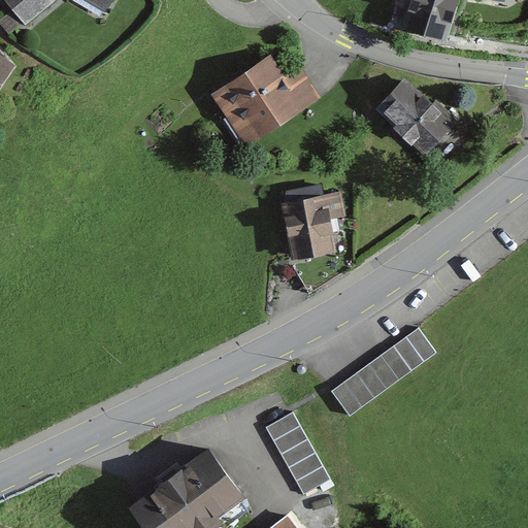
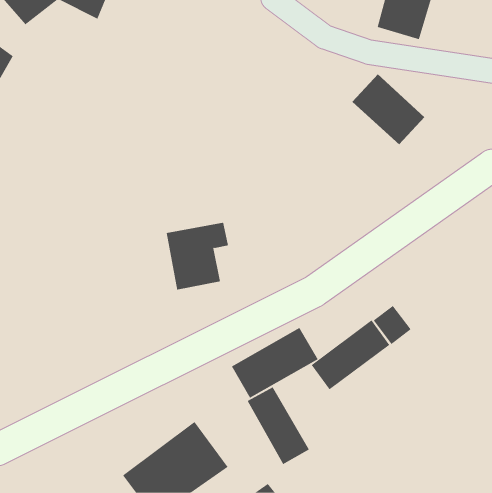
building: [205,54,320,153] -> none
building: [278,191,345,263] -> [166,222,229,290]
building: none -> [231,327,319,399]

